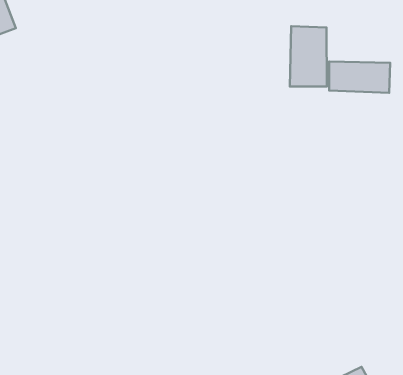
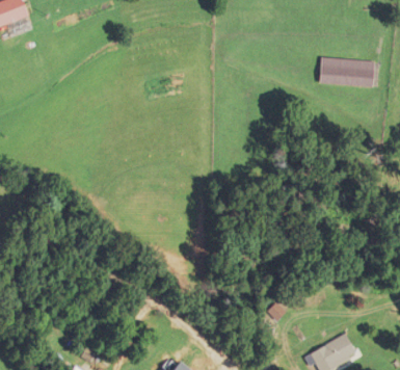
building: [290,26,327,87] -> none

